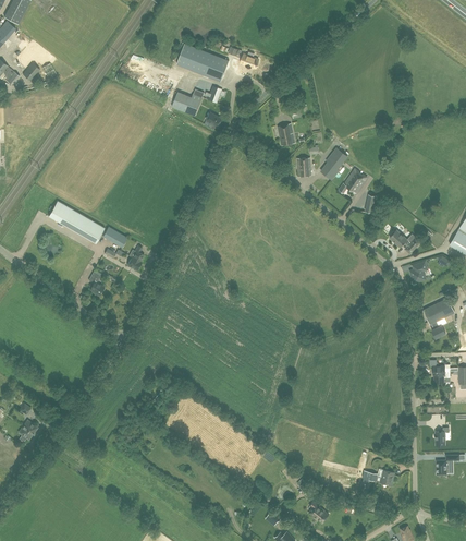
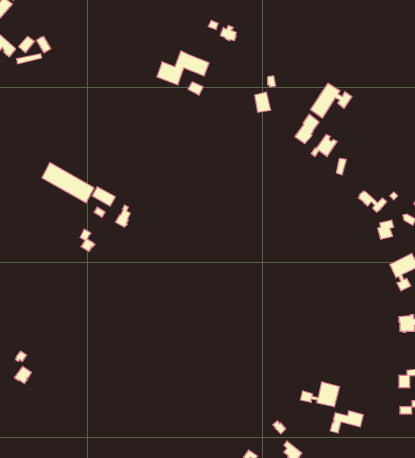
building: [176,44,229,81] -> none
building: none -> [311,83,352,118]
building: none -> [300,382,339,407]

